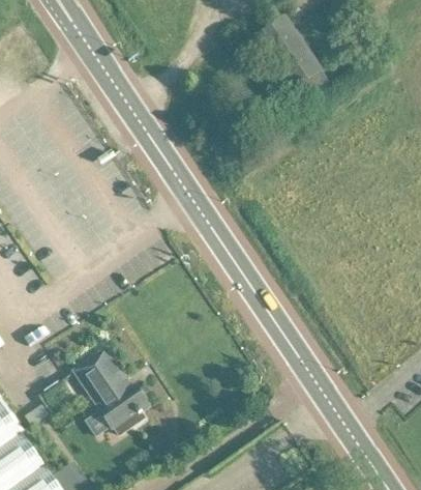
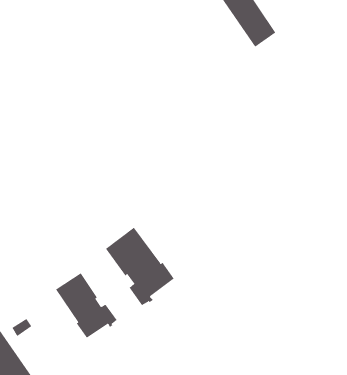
building: none -> [105,227,175,306]

